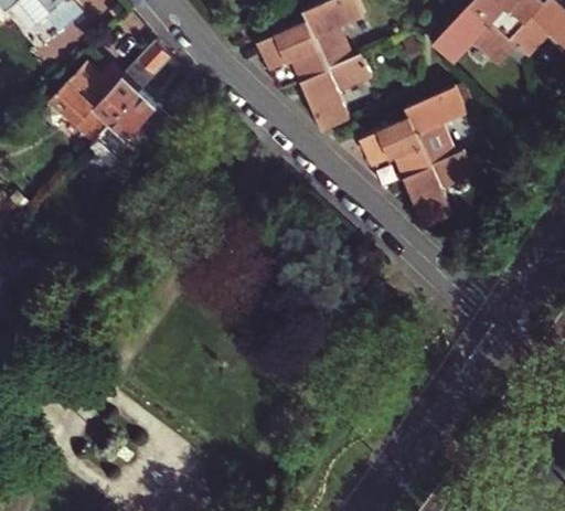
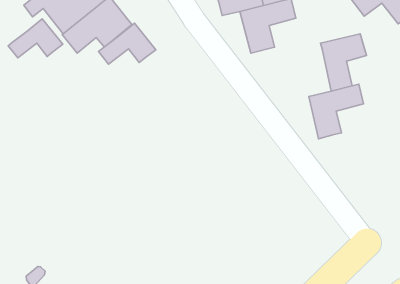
building: [361,109,430,179] -> none
building: none -> [99,23,156,64]
building: none -> [8,19,63,58]

